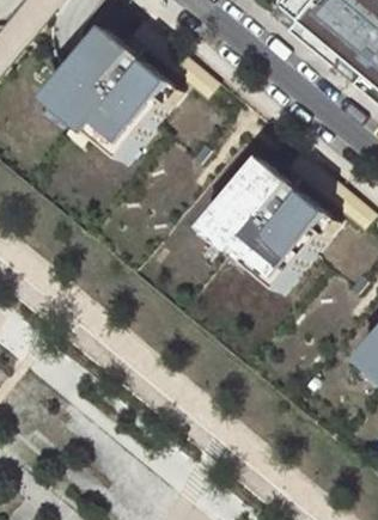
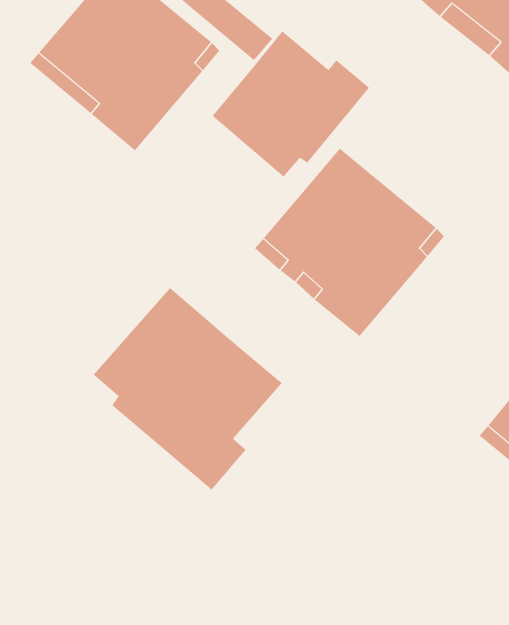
building: none -> [212,30,370,178]
building: none -> [93,287,283,490]

